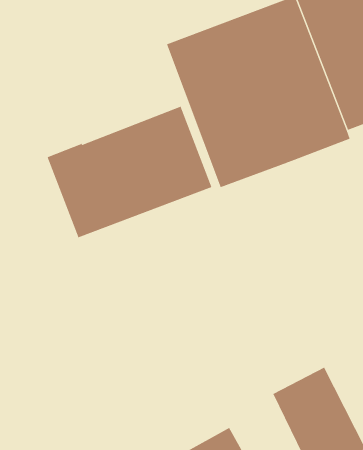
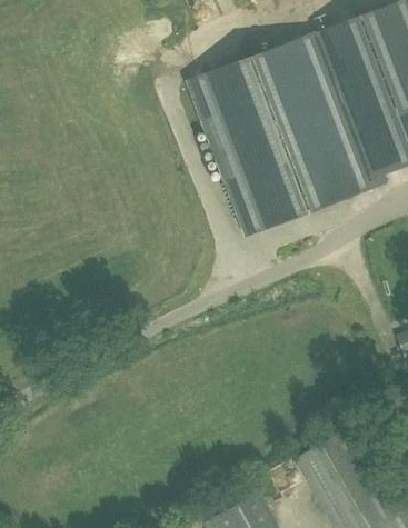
building: [47,106,212,238] -> none

